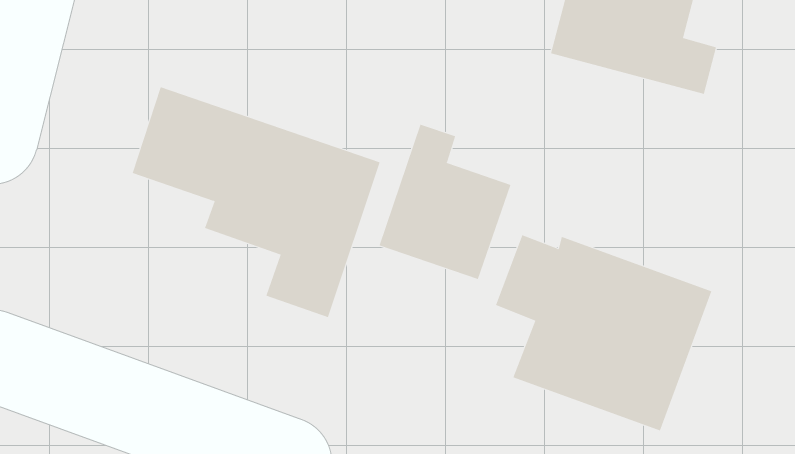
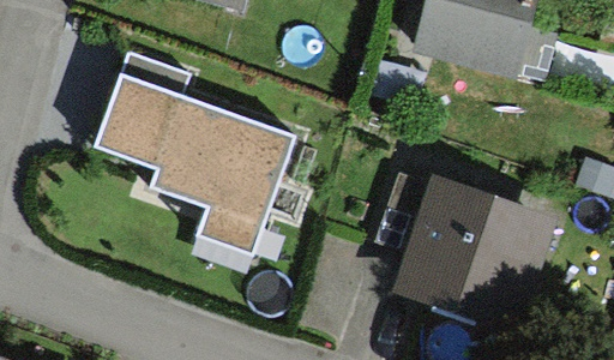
building: [379,124,511,280] -> none

